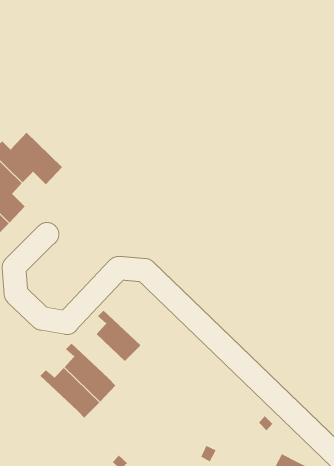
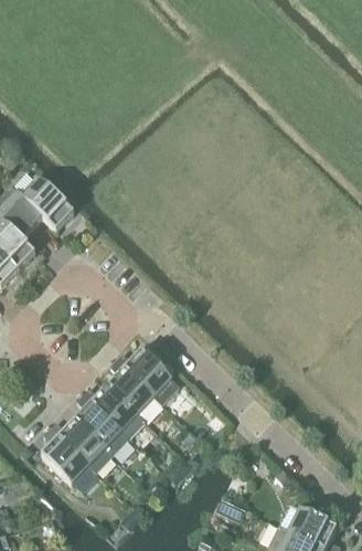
building: none -> [116,350,180,404]
building: none -> [83,385,146,438]
building: none -> [42,428,88,484]

